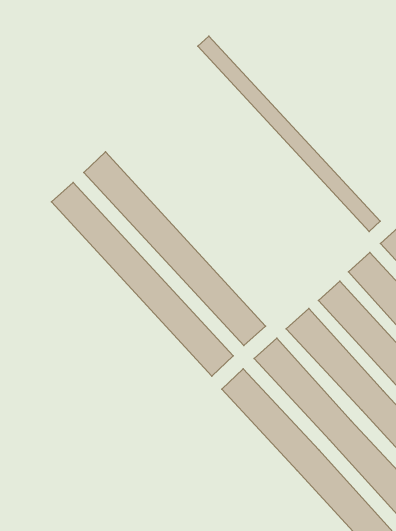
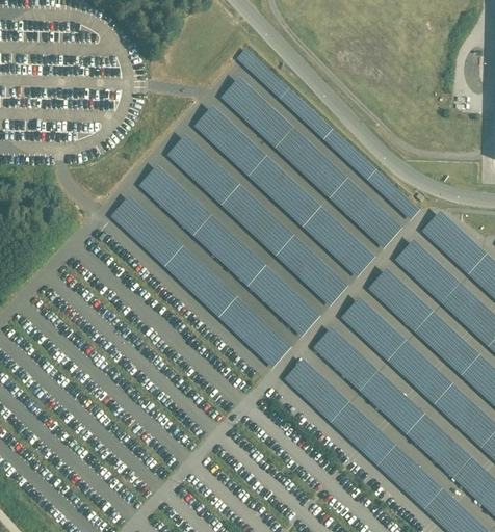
building: none -> [219,77,401,248]
building: none -> [192,106,374,277]
building: none -> [165,135,347,307]

